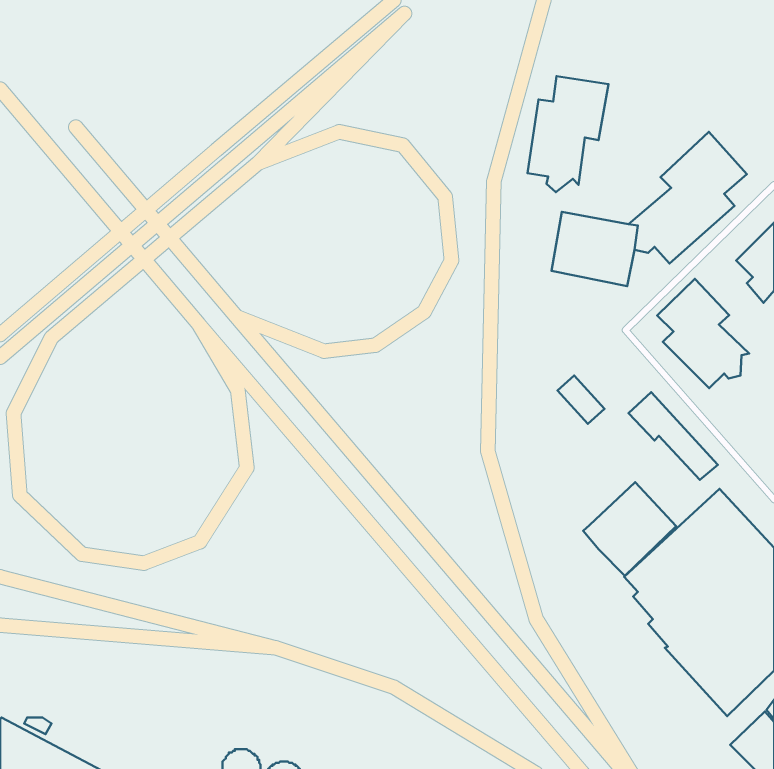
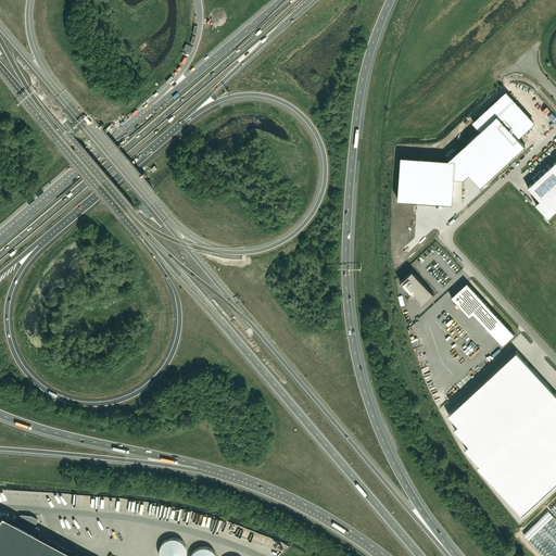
building: [528,76,608,192] -> none
building: [657,279,749,388] -> none
building: [583,482,676,576] -> none

